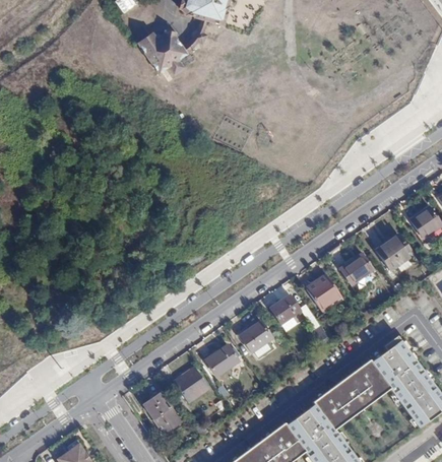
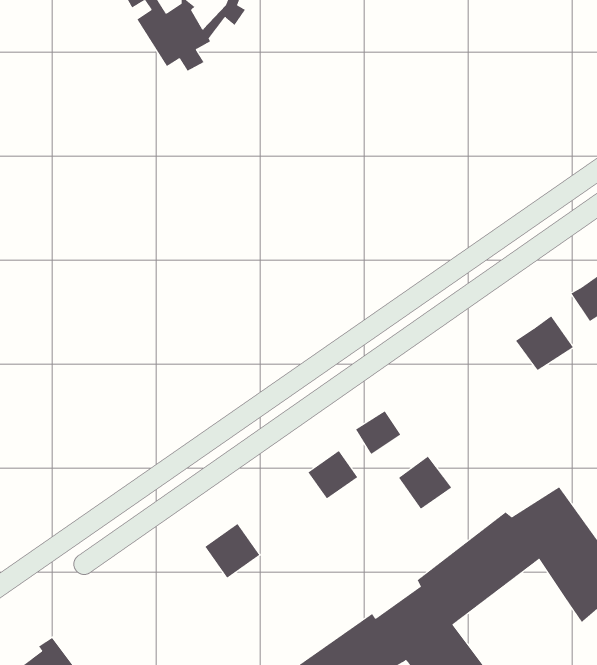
building: [338,253,373,285] -> none
building: [306,275,340,310] -> [398,456,452,510]
building: [205,342,239,375] -> none
building: [144,392,182,440] -> none

